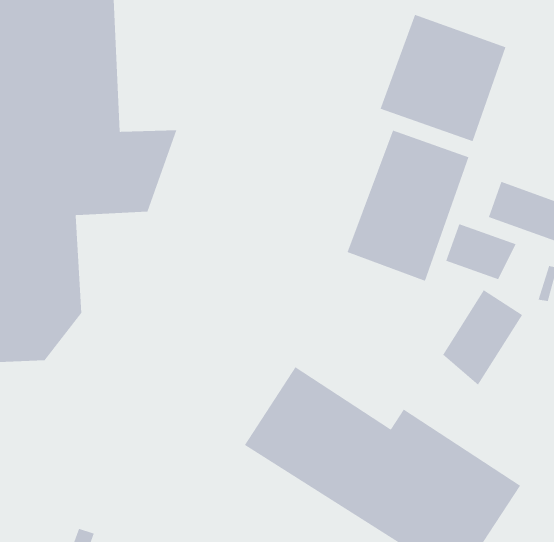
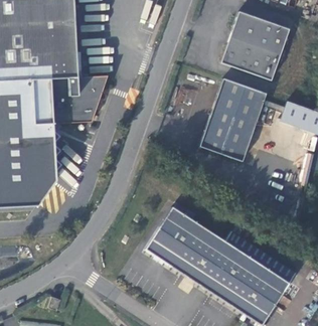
building: [445,223,517,280] -> none
building: [442,289,523,386] -> none

